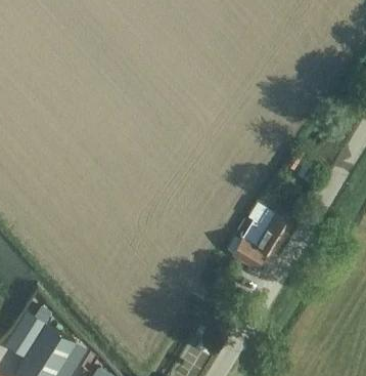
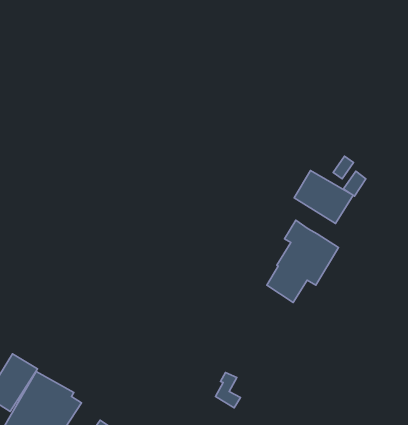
building: none -> [294,170,353,223]

